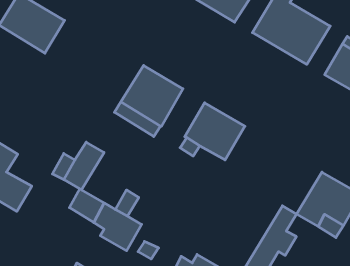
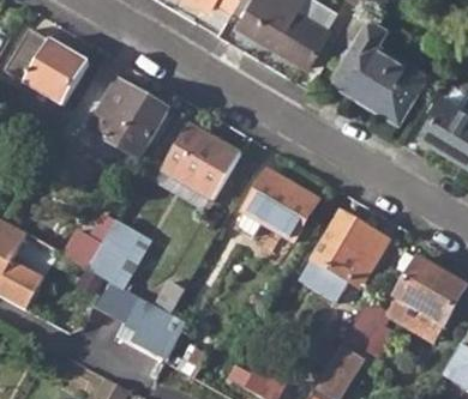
building: none -> [86,81,166,159]
building: none -> [311,213,388,304]

